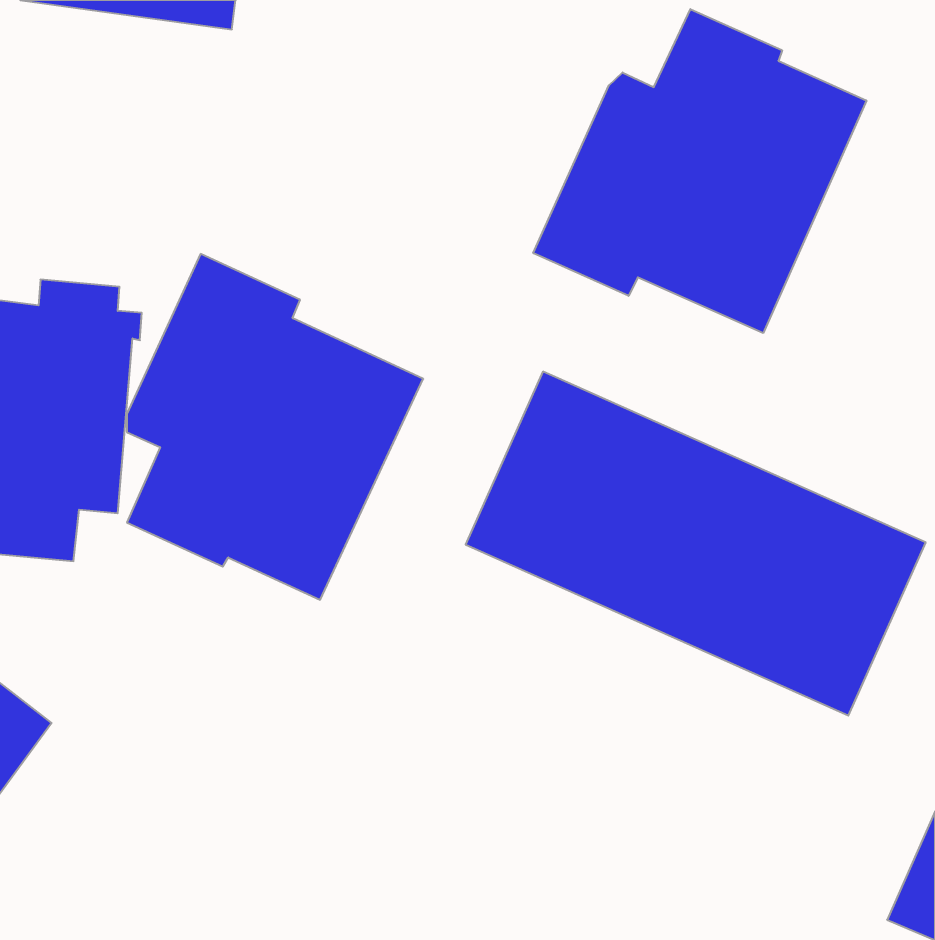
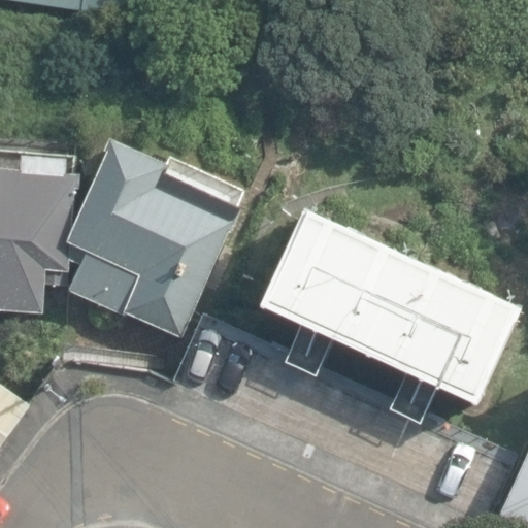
building: [533,9,866,333] -> none

